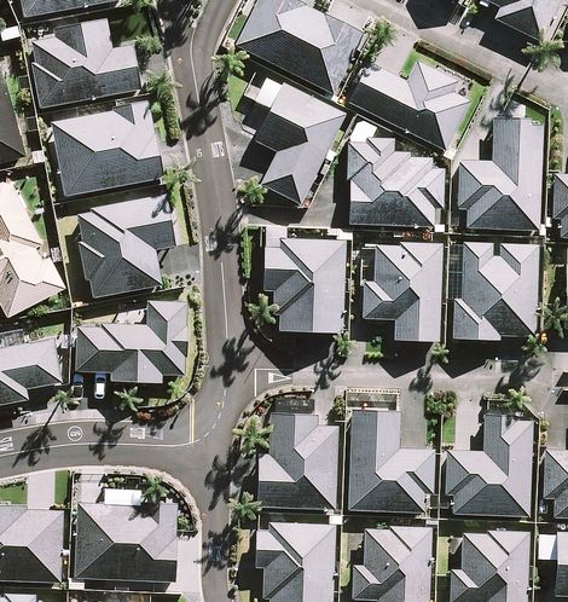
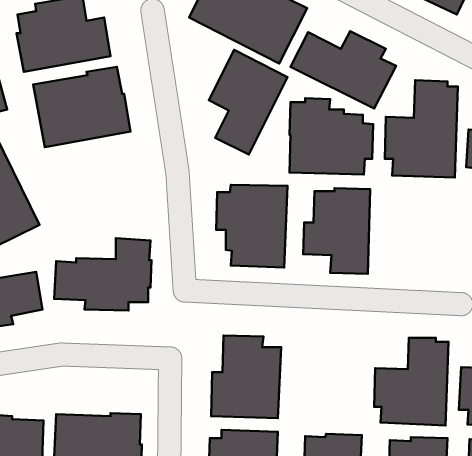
building: [79,195,175,299] -> none
building: [453,242,538,342] -> none
building: [348,410,434,511] -> none

